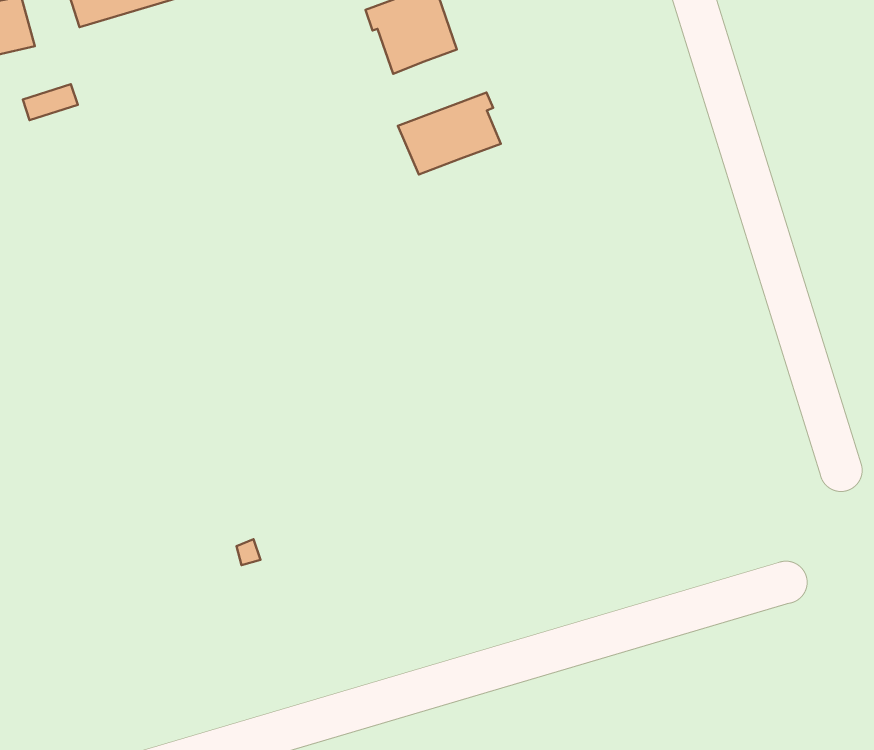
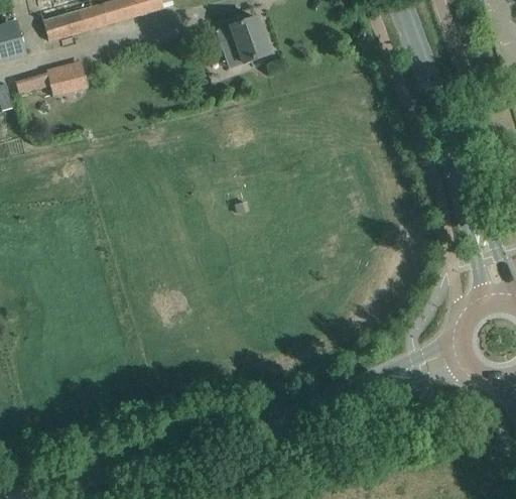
building: none -> [48,61,87,86]
building: [398,93,501,175] -> none

